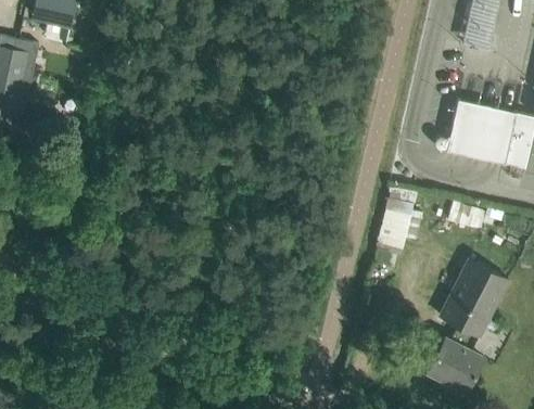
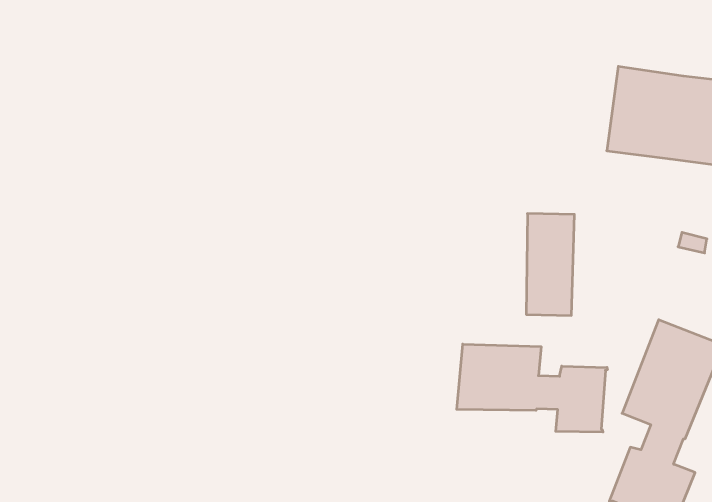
building: none -> [457,344,607,432]

